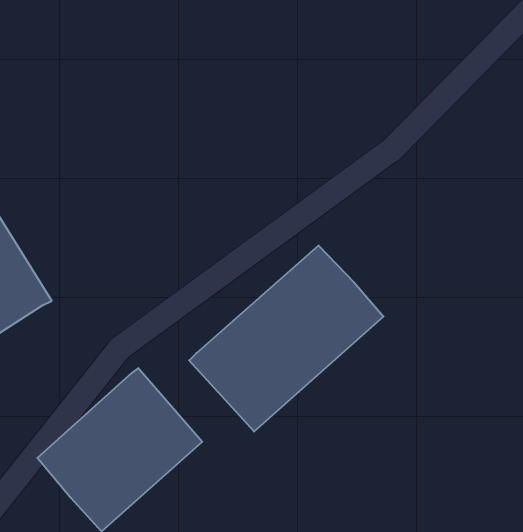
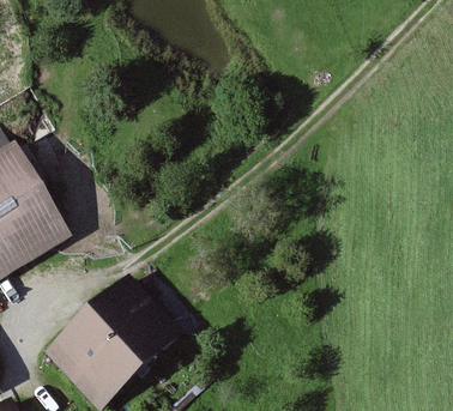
building: [189,245,384,432] -> none

